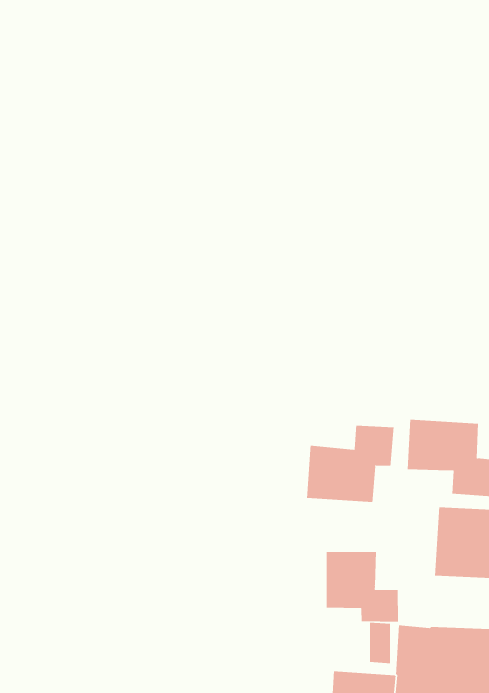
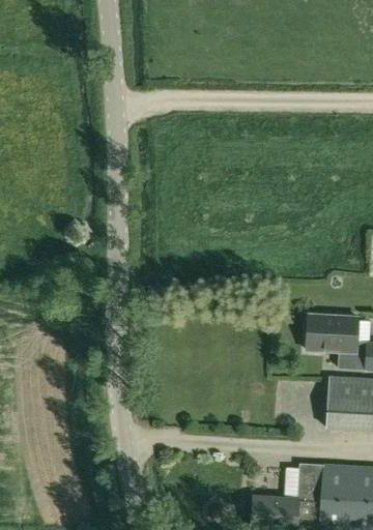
building: [307,425,394,503] -> none
building: [326,551,399,623] -> none

